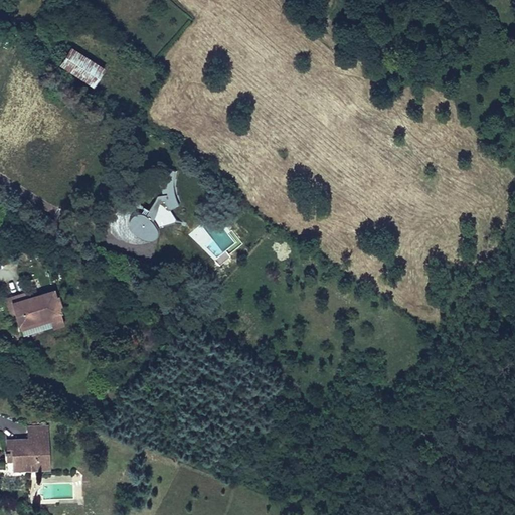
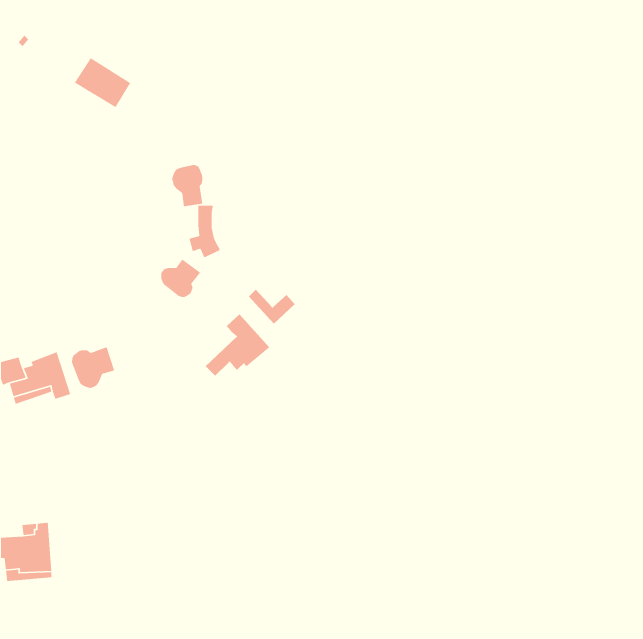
building: none -> [171,164,203,207]
building: none -> [205,314,270,376]
building: none -> [71,346,115,389]

